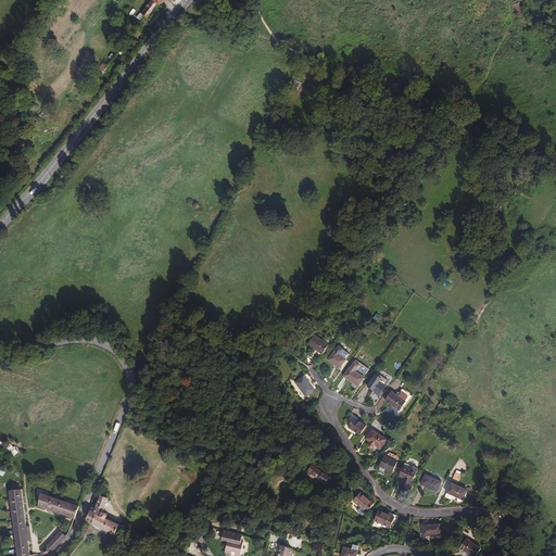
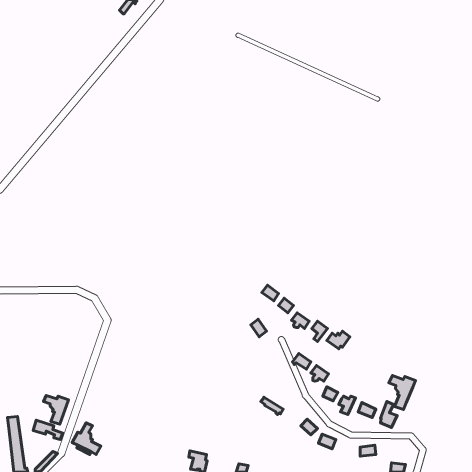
building: none -> [389,376,416,410]
building: none -> [43,395,69,424]

